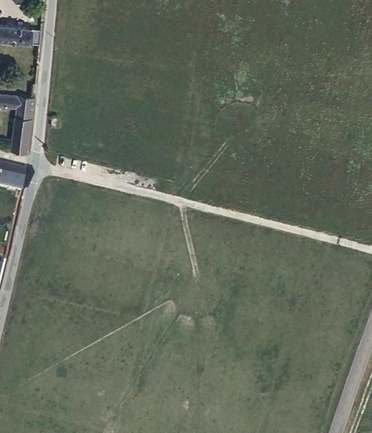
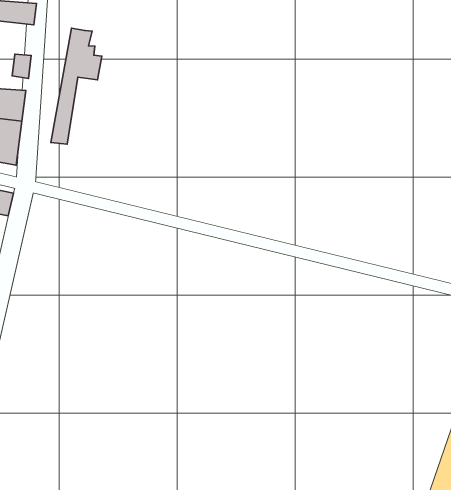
building: none -> [51,28,102,144]

